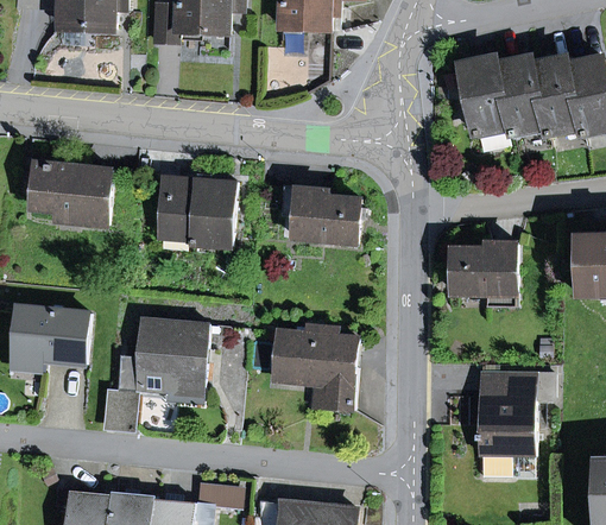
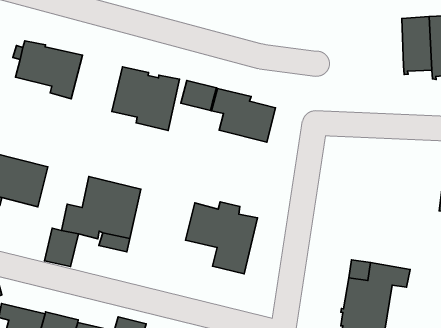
building: [461,58,509,134] -> none
building: none -> [181,81,216,110]
building: [453,241,516,305] -> none

